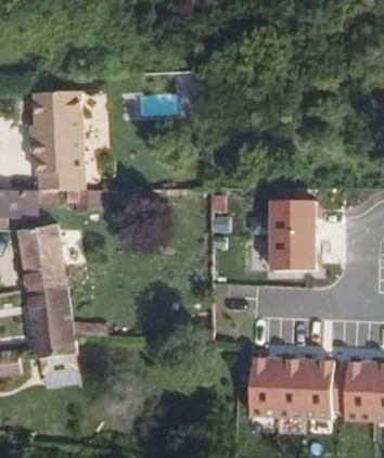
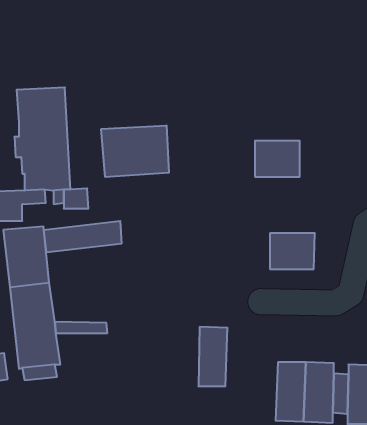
building: none -> [101,125,169,177]
building: [276,200,319,234] -> [255,141,300,177]
building: none -> [44,221,121,252]
building: [255,358,283,416] -> [198,327,228,386]

